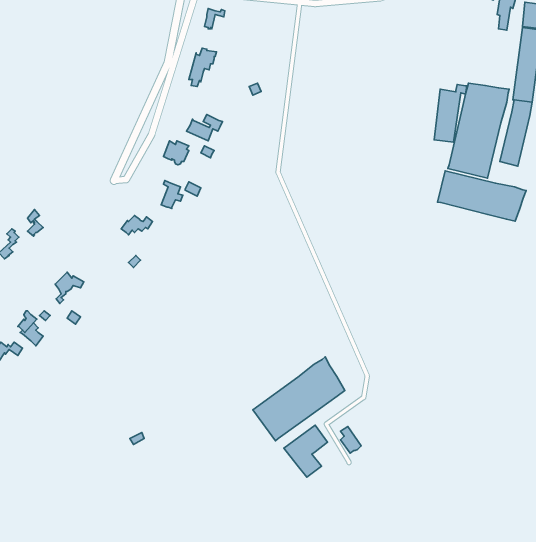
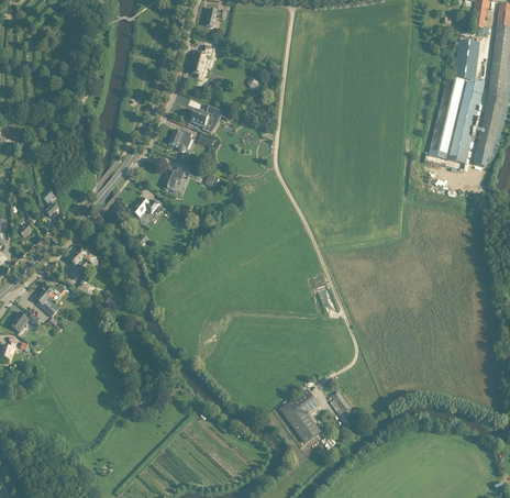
building: [434,84,467,142] -> [454,27,484,80]
building: [437,171,526,221] -> none
building: [253,357,345,441] -> none

